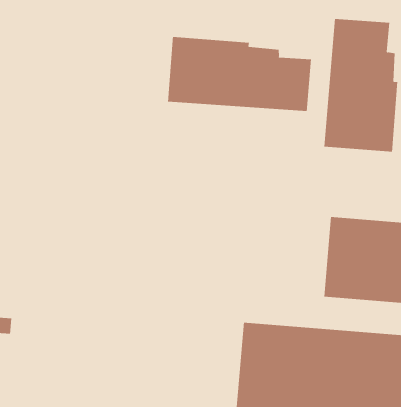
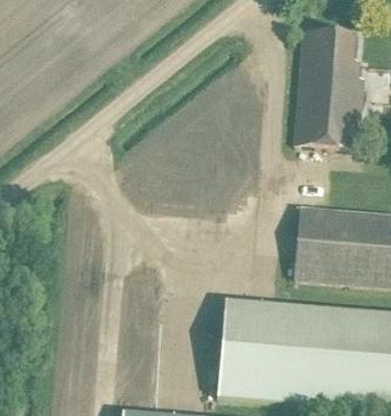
building: [167,36,312,112] -> none

